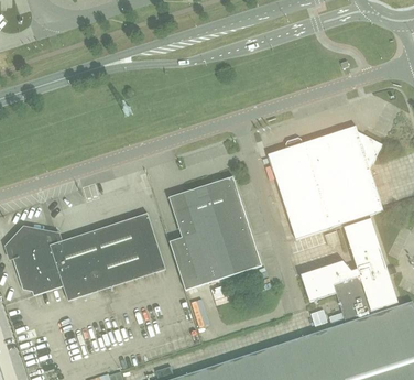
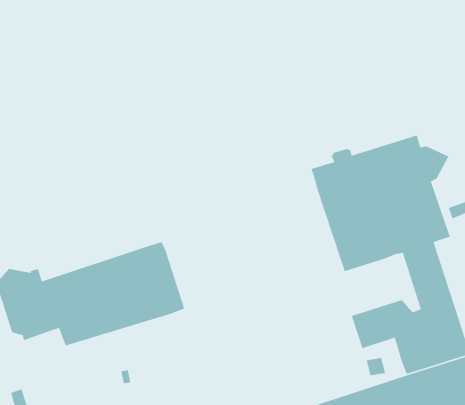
building: [170,176,262,289] -> none

